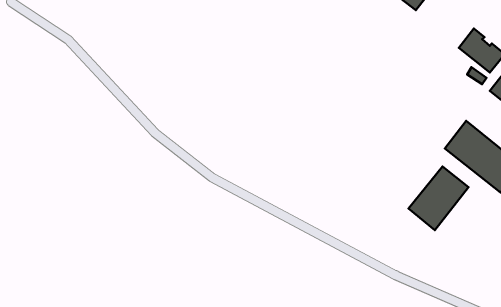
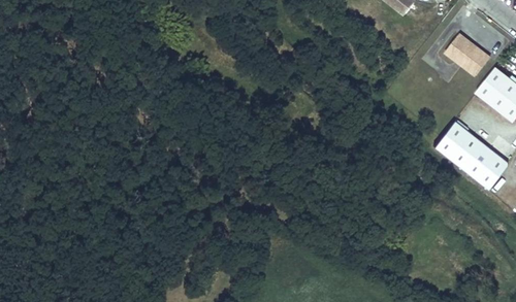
building: [408,166,469,230] -> none

